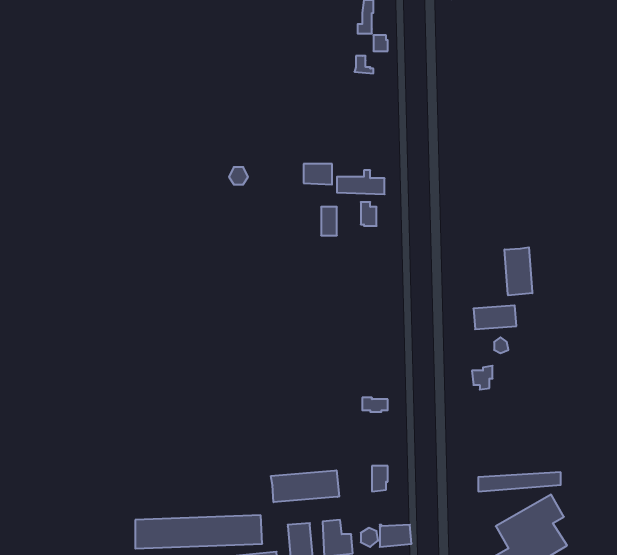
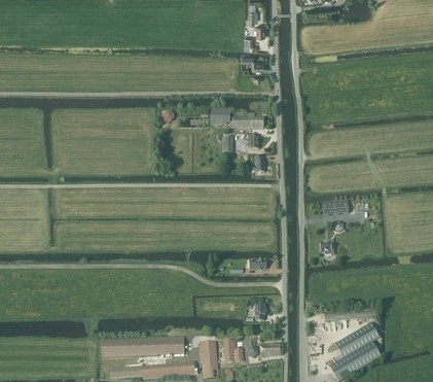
building: [505,247,532,295] -> none
building: [271,470,339,502] -> none

